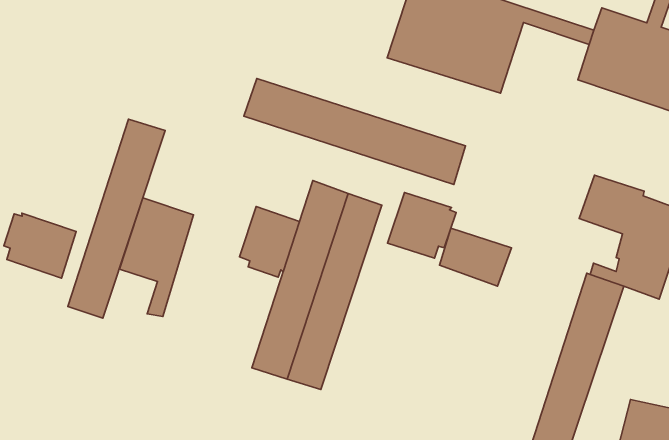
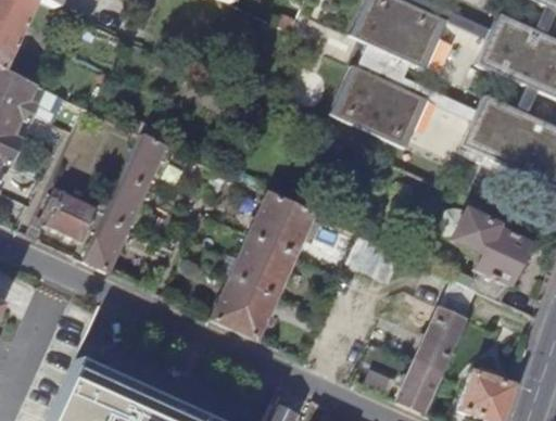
building: [244,79,466,185] -> none
building: [388,192,456,258] -> none
building: [120,198,194,316] -> none
building: [240,206,299,277] -> none

